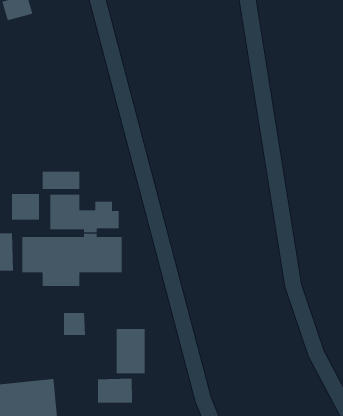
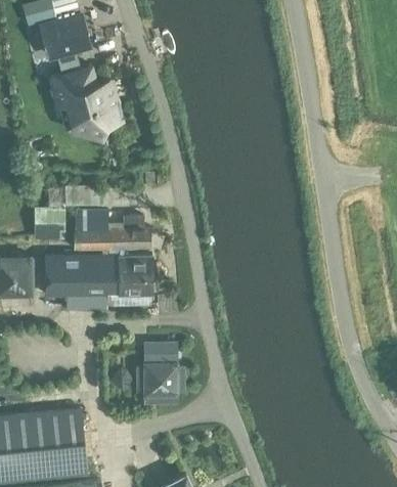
building: none -> [41,16,121,140]
building: [64,312,86,336] -> none
building: [97,378,132,403] -> none

